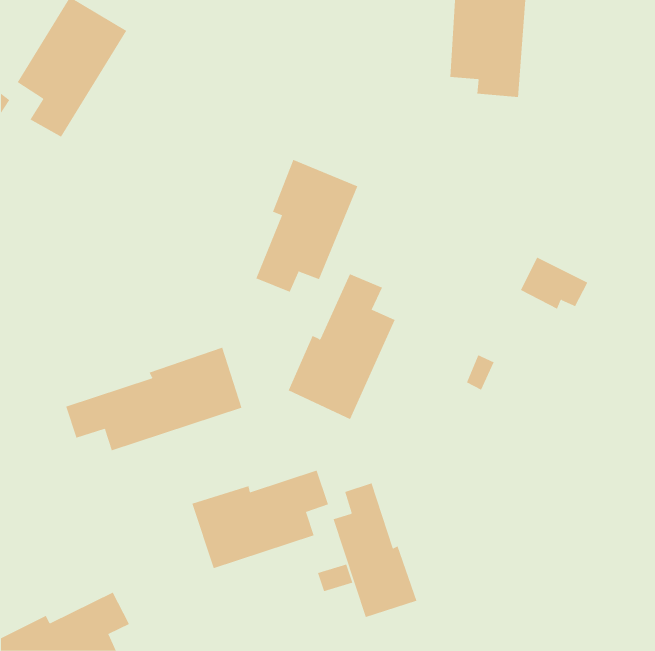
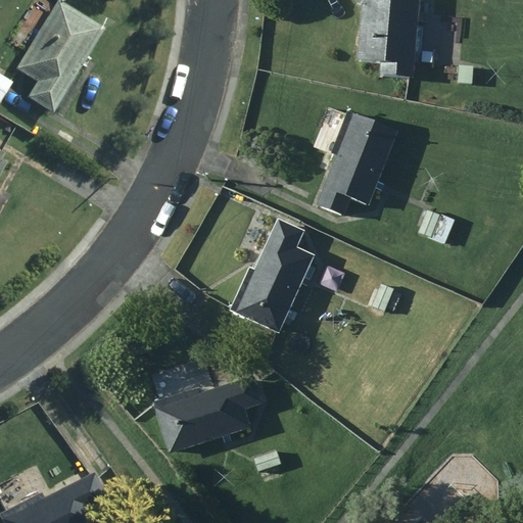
building: [255,159,358,293] -> [318,109,399,216]
building: [66,347,242,451] -> none
building: [333,483,417,618] -> none

